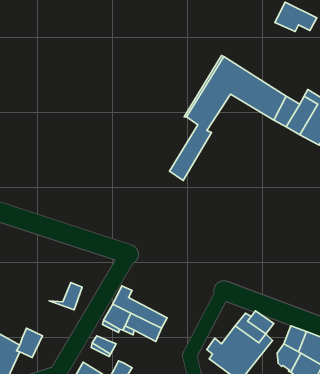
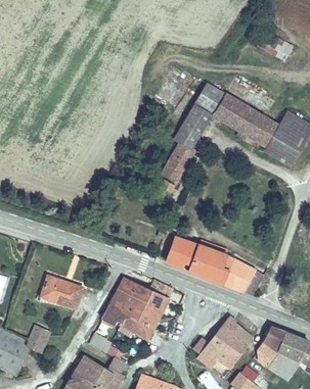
building: none -> [166,240,265,298]
building: none -> [40,277,72,302]
building: none -> [118,277,172,317]

